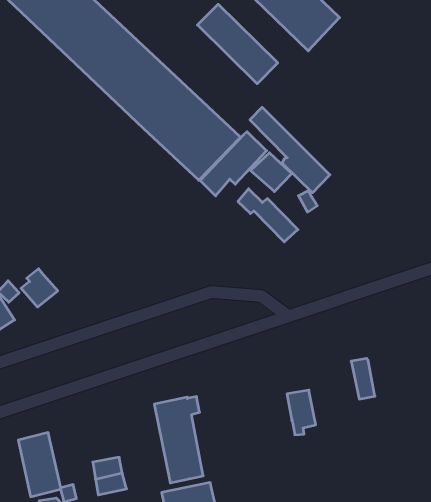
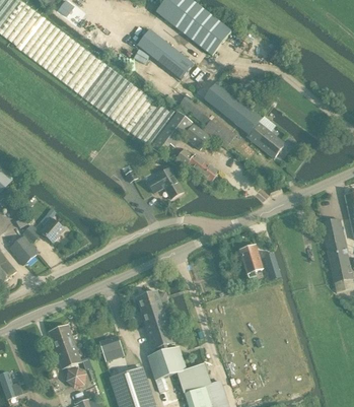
building: none -> [204,80,285,156]
building: none -> [147,166,183,198]
building: [287,390,316,435] -> [240,245,262,275]

